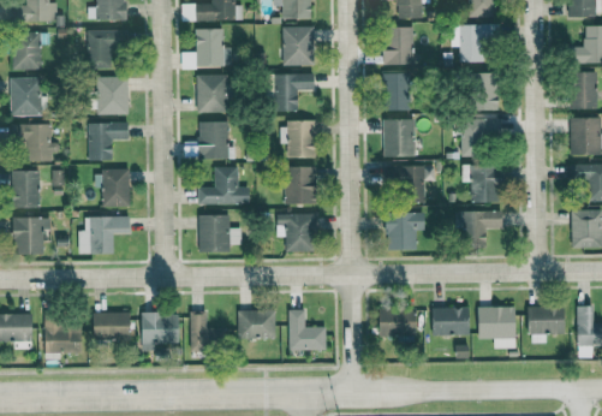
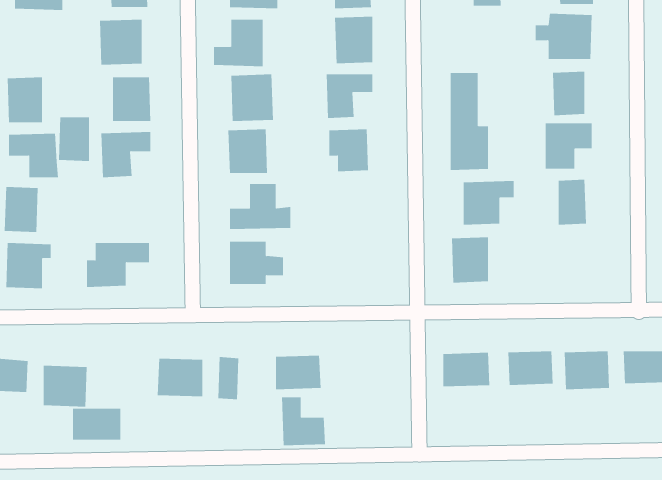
building: [388,29,419,67] -> none
building: [18,34,46,71] -> none
building: [284,166,314,203] -> none
building: [102,170,129,207] -> [58,117,90,162]
building: [460,210,502,248] -> none
building: [276,213,314,252] -> none
building: [288,310,326,351] -> [281,397,326,446]
building: [90,313,131,339] -> [72,408,121,440]

